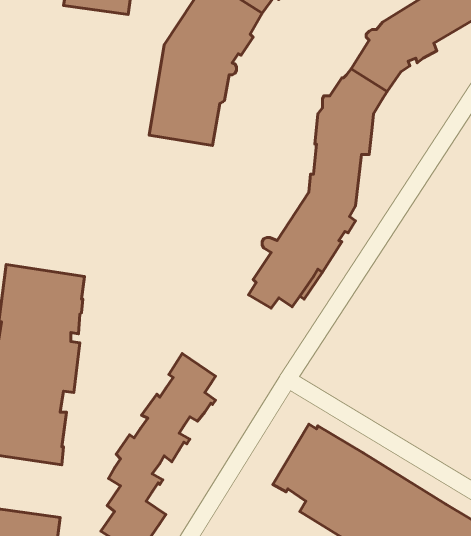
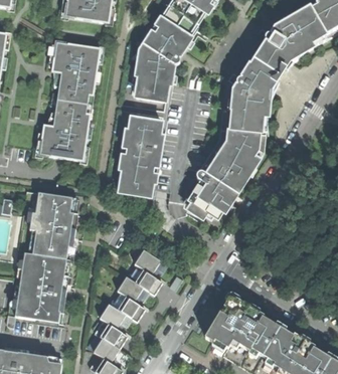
building: none -> [39,42,99,160]
building: none -> [108,108,163,196]

